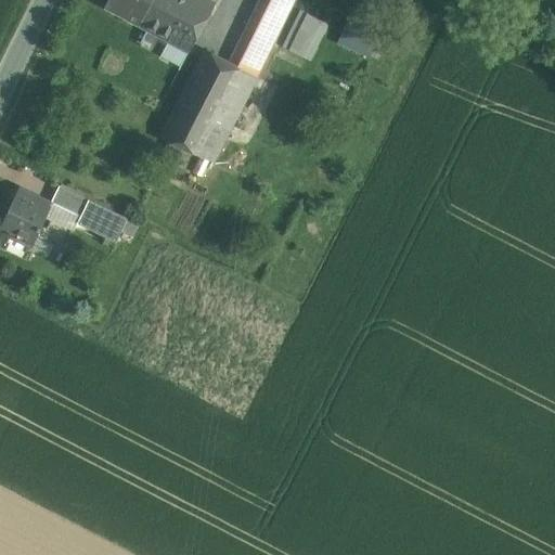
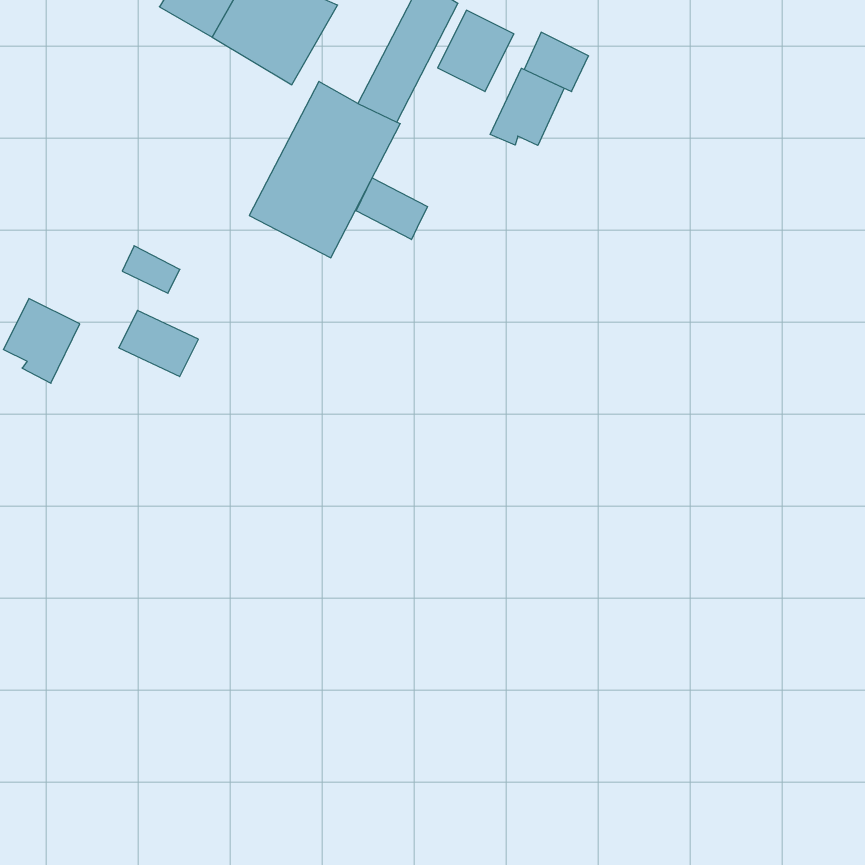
building: none -> [490,68,564,145]
building: none -> [356,178,428,240]
building: [51,183,88,214] -> [122,246,180,293]

